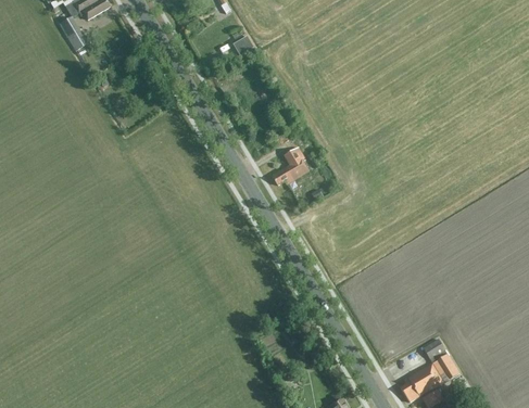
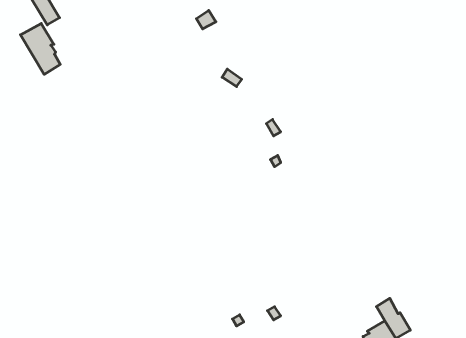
building: none -> [20,23,60,74]
building: [272,149,308,184] -> none

